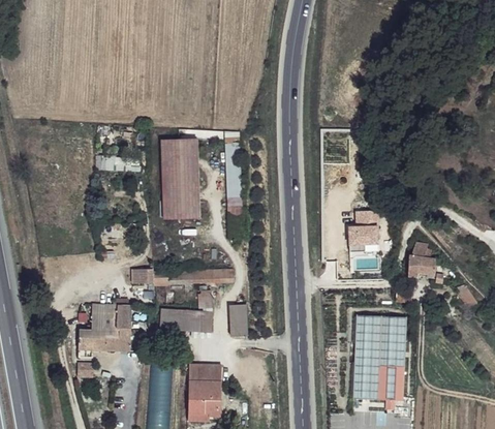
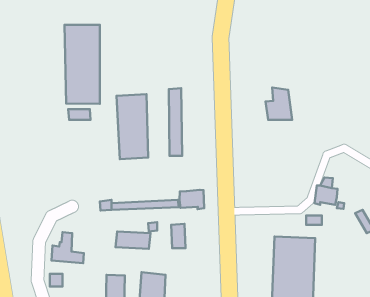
building: none -> [64,25,100,104]
building: [347,209,380,249] -> [266,87,292,120]
building: none -> [180,190,204,209]
building: [104,305,134,349] -> none

